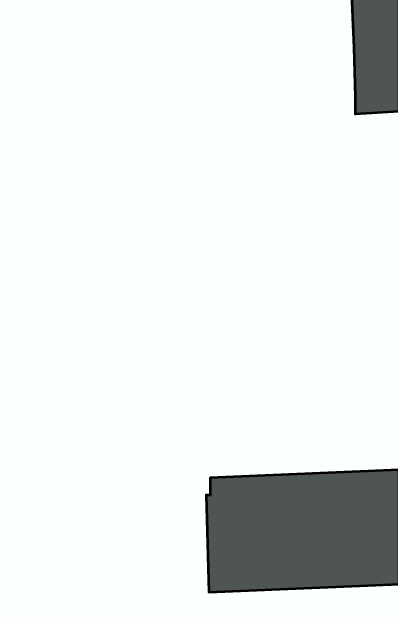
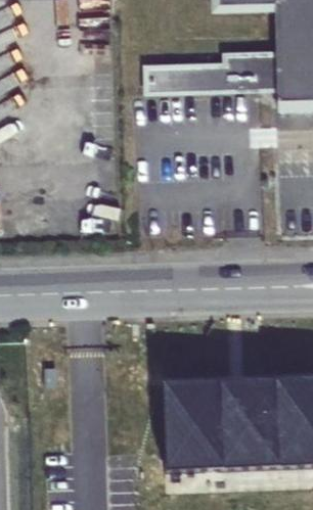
building: none -> [141,54,278,96]

